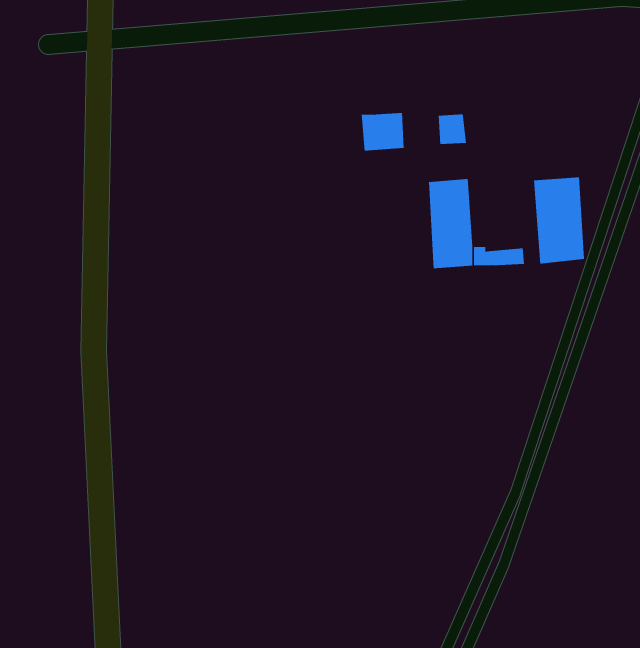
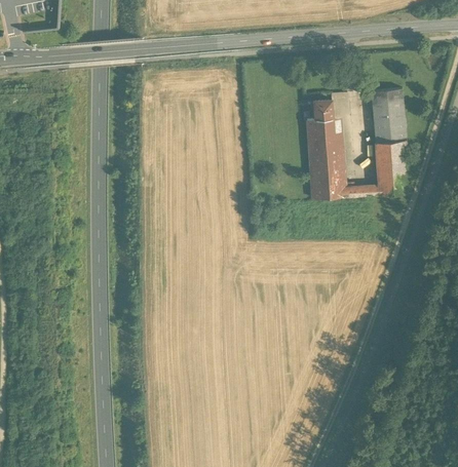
building: none -> [371,87,406,141]
building: [361,113,404,151] -> [306,117,334,142]

